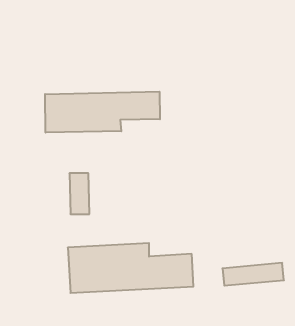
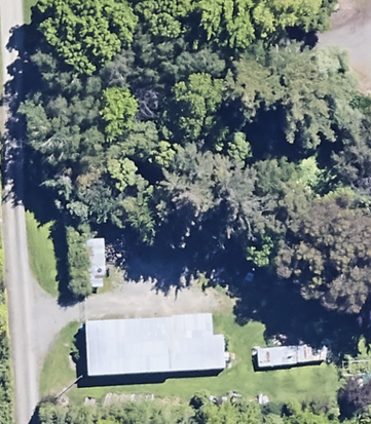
building: [45,92,160,133] -> none

